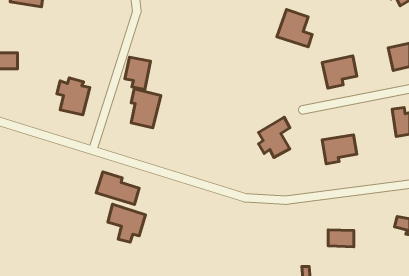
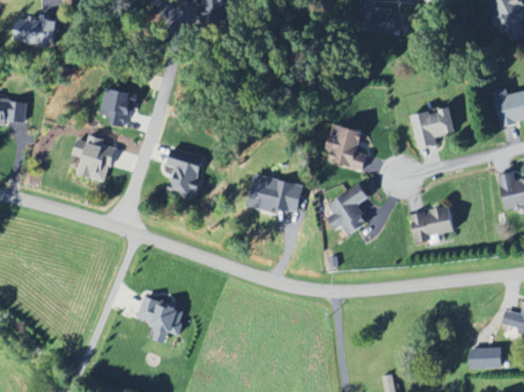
building: [277,10,312,47] -> [322,124,367,171]
building: [125,57,151,89] -> [100,86,133,127]
building: none -> [247,174,304,213]
building: [96,172,139,205] -> none
building: [328,230,354,247] -> [469,347,501,368]

